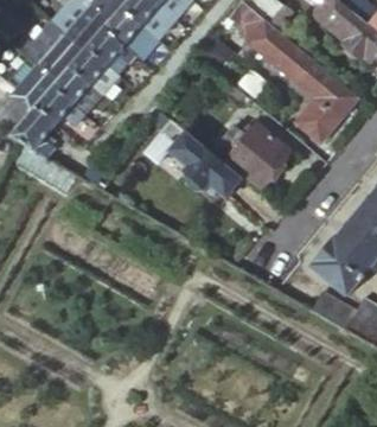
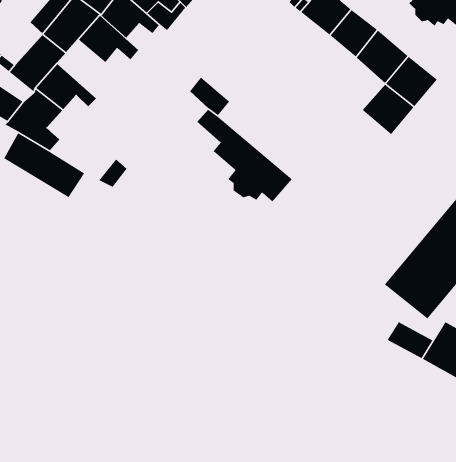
building: [50,65,98,113] -> none
building: [224,123,296,195] -> none

